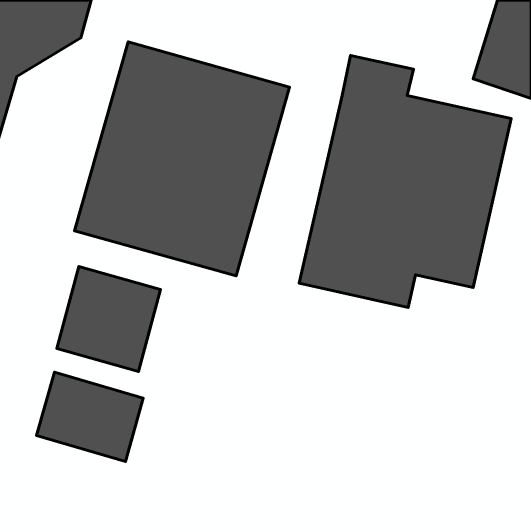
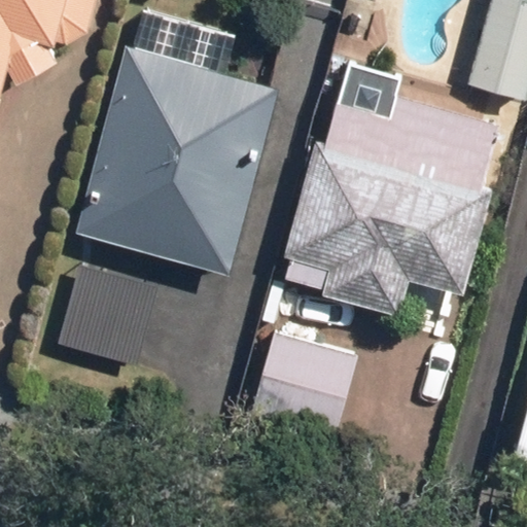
building: none -> [250,328,352,431]
building: [37,372,143,461] -> none

